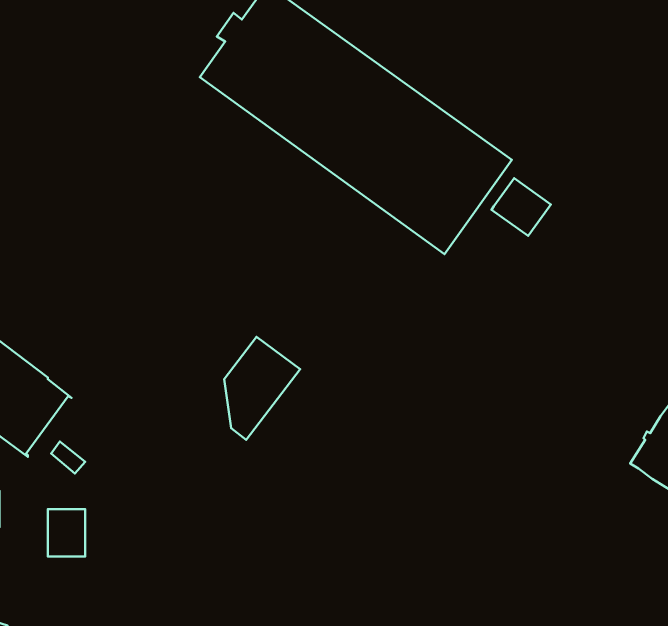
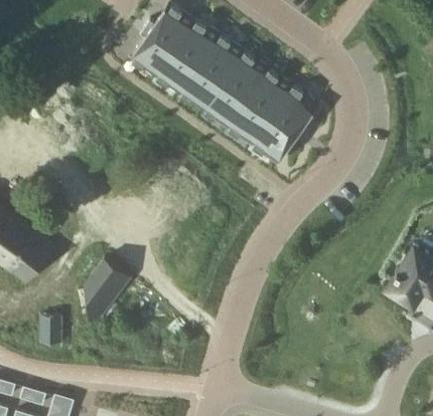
building: [492,178,551,236] -> none
building: [224,337,300,440] -> [86,259,131,321]

